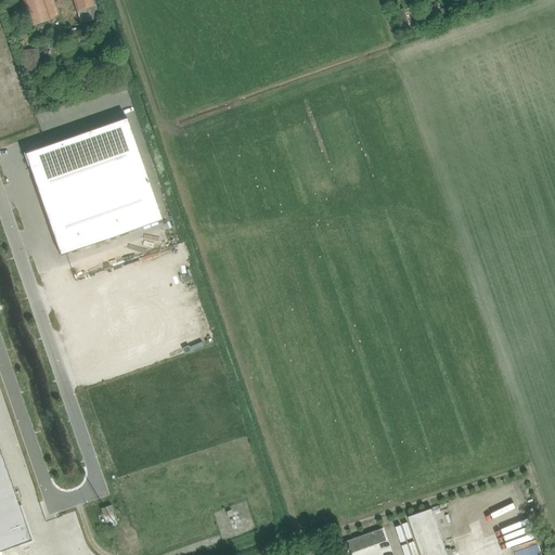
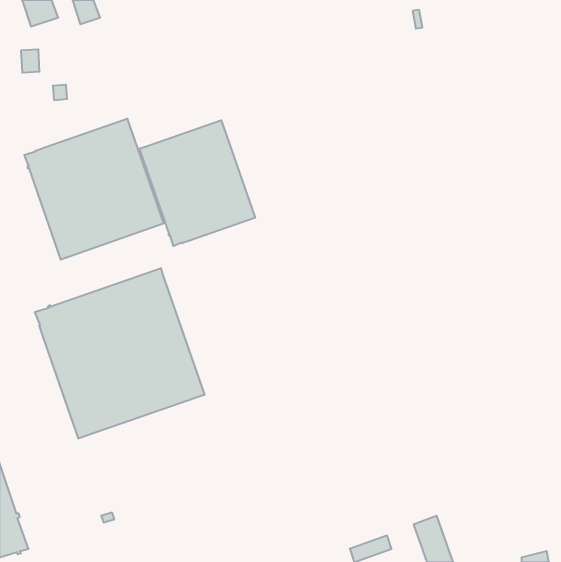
building: none -> [139,120,255,246]
building: none -> [35,268,204,439]

